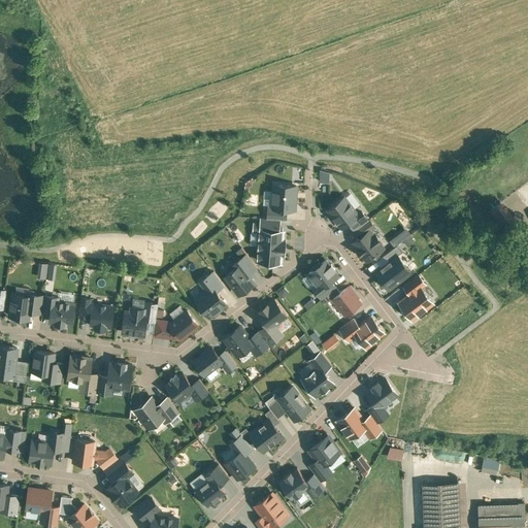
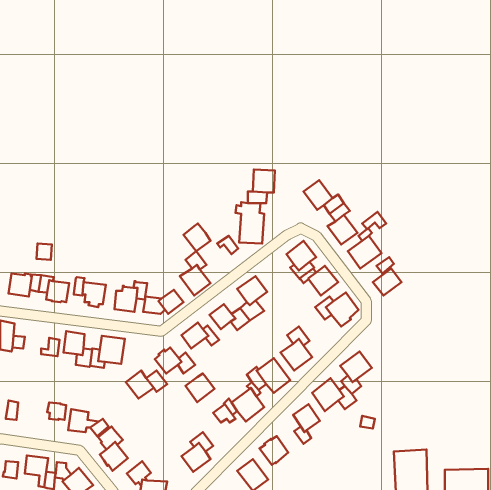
building: [225,264,254,294] -> [184,223,210,251]
building: [33,353,55,376] -> none
building: [29,441,54,465] -> none
building: [225,451,256,482] -> [186,373,214,402]

